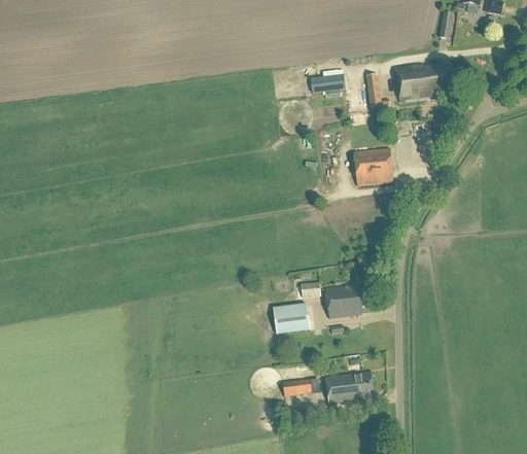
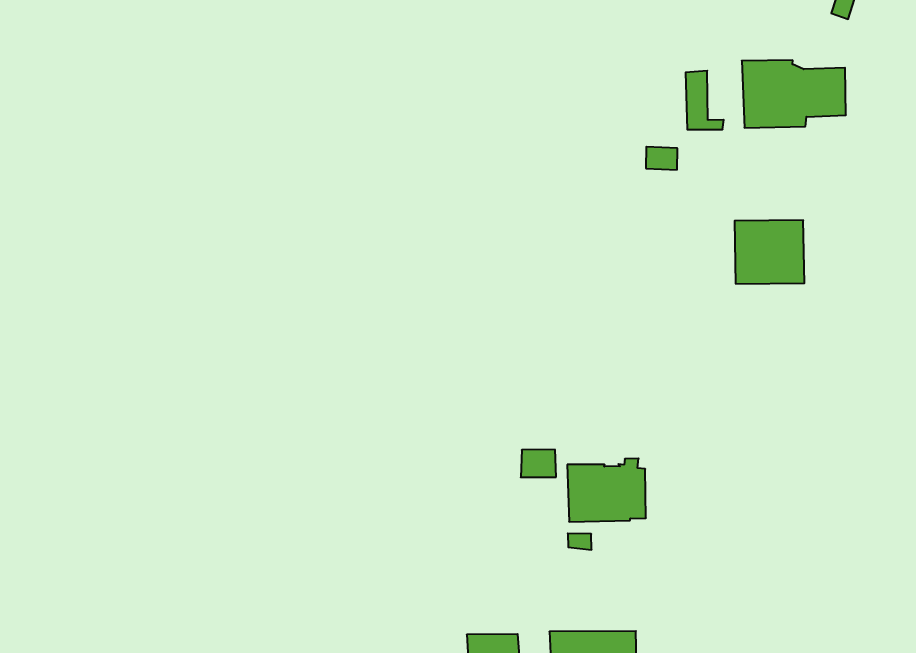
building: [309,72,344,92] -> none
building: [353,148,393,185] -> [735,220,804,284]
building: [273,304,309,334] -> none

